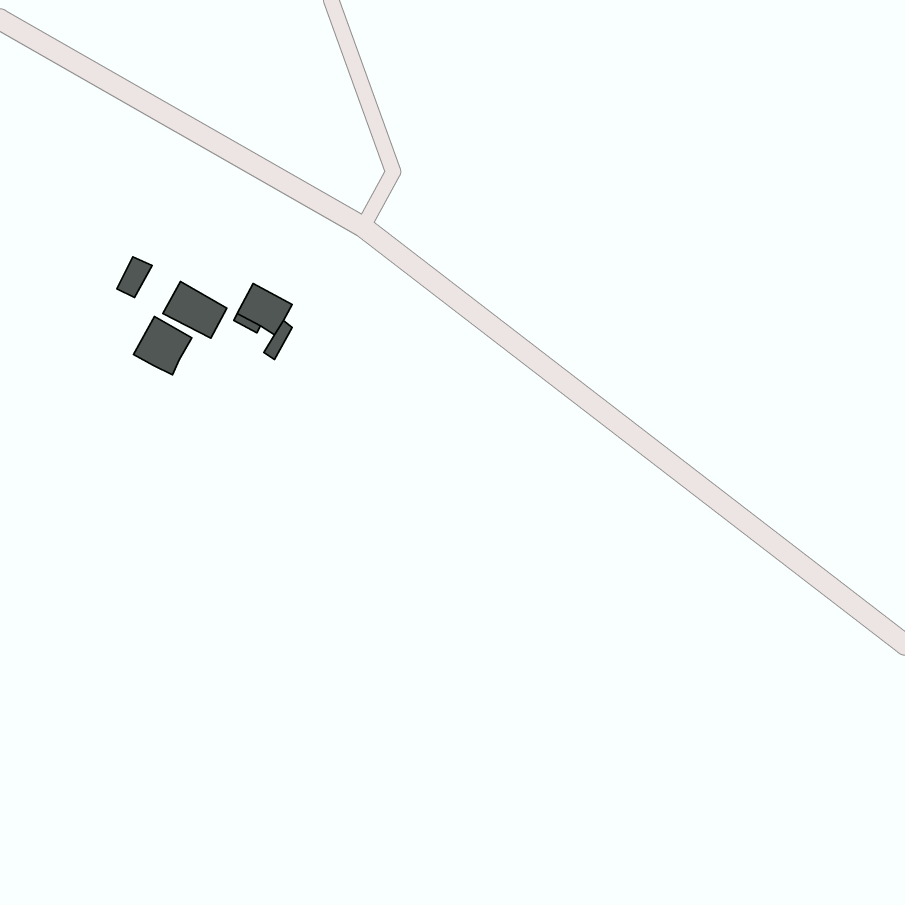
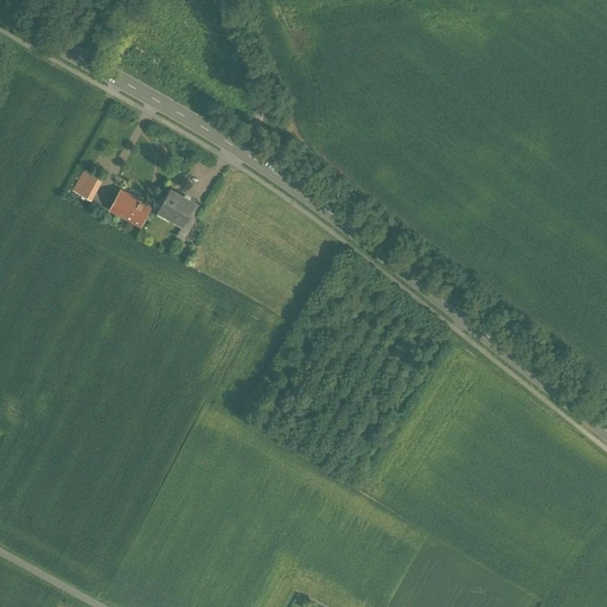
building: [134,317,192,375] -> none

